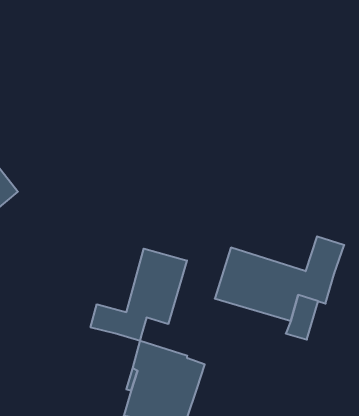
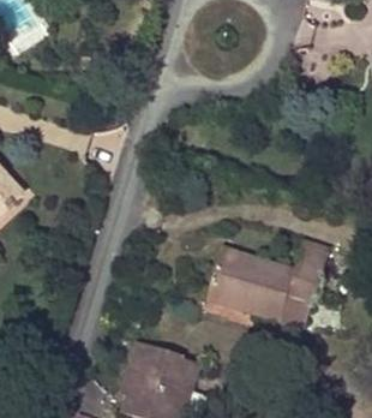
building: [91,249,187,341] -> none

